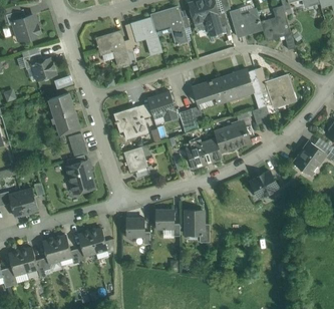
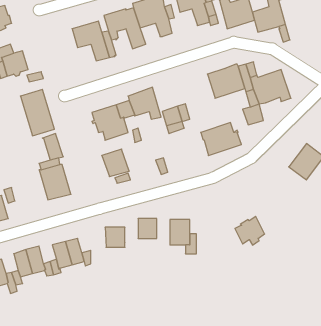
building: [192,78,227,104] -> none
building: [189,137,222,168] -> none
building: [250,171,277,197] -> [235,216,265,245]

